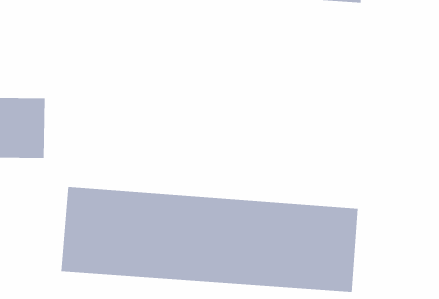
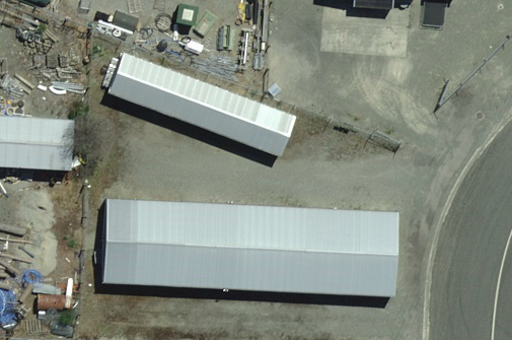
building: none -> [117,41,310,150]

